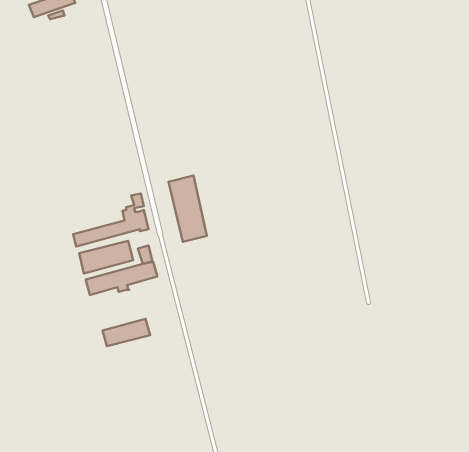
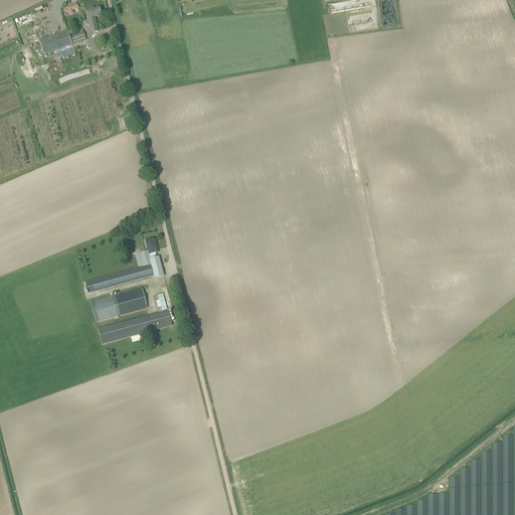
building: [168,175,207,242] -> none
building: [103,319,150,346] -> none

